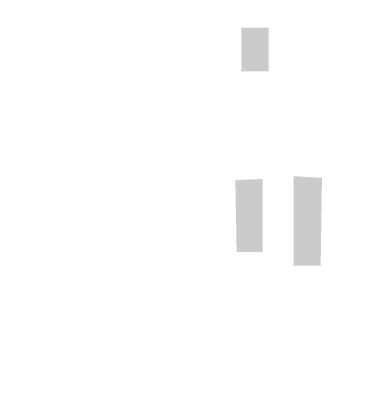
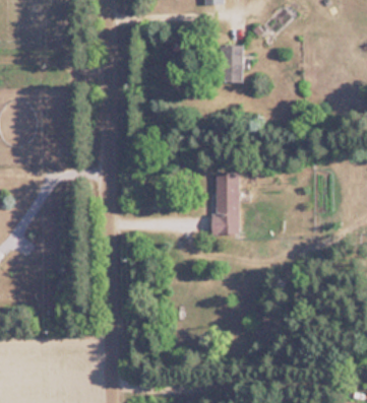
building: [293,176,322,267] -> none

